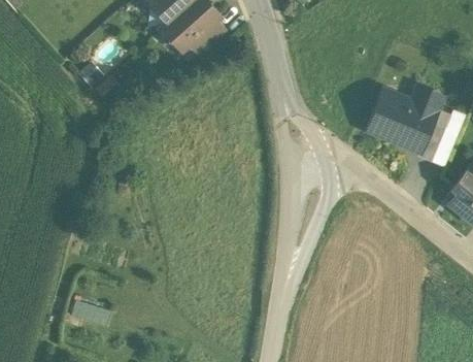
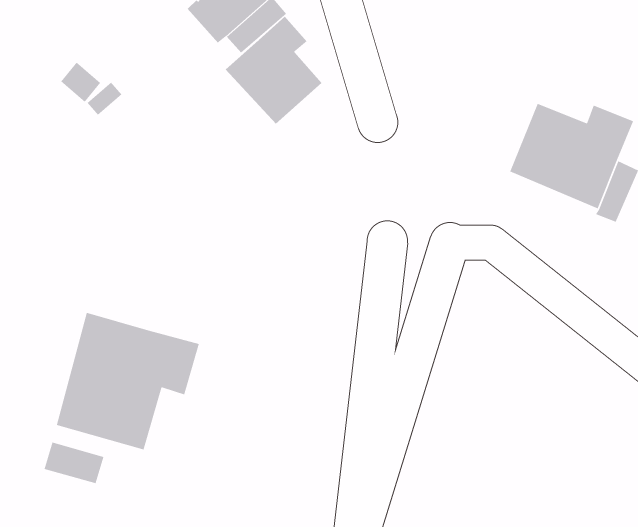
building: none -> [225,16,322,125]
building: none -> [56,312,200,451]

